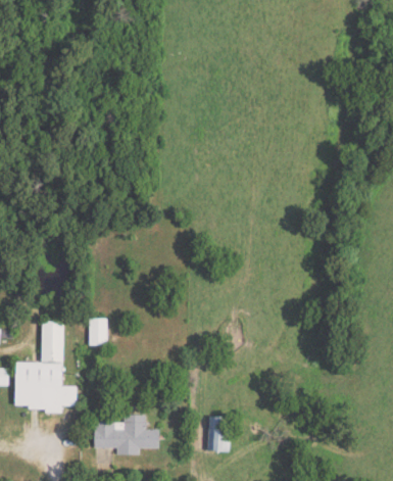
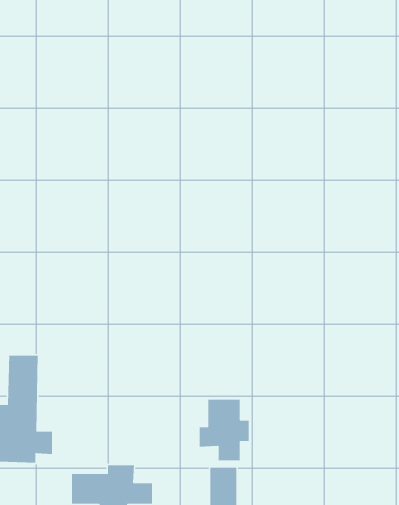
building: [87,319,107,346] -> none
building: none -> [199,399,250,461]

